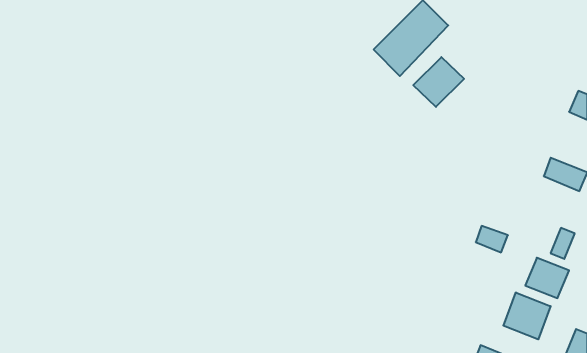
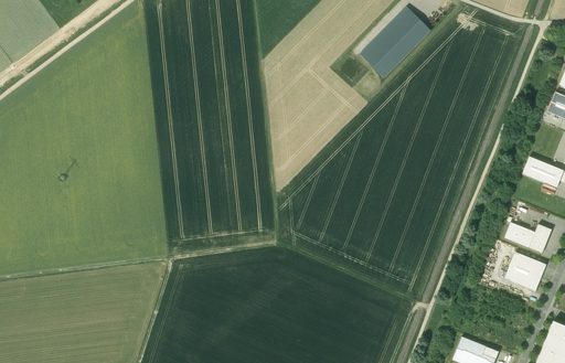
building: [413,57,464,107] -> none
building: [476,226,508,252] -> [504,223,535,248]
building: [503,292,551,339] -> none

